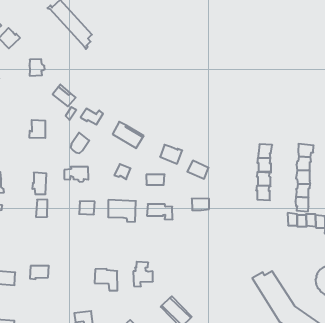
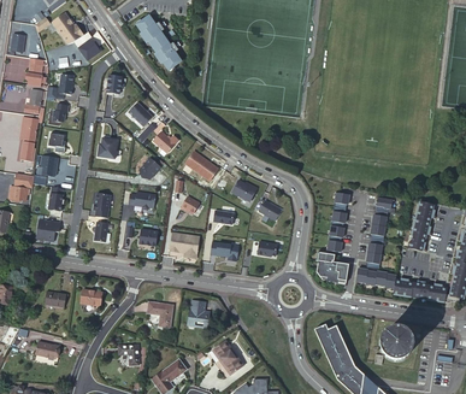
building: none -> [318,252,350,284]

